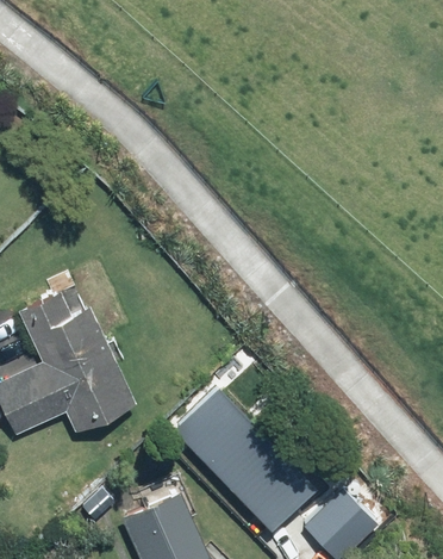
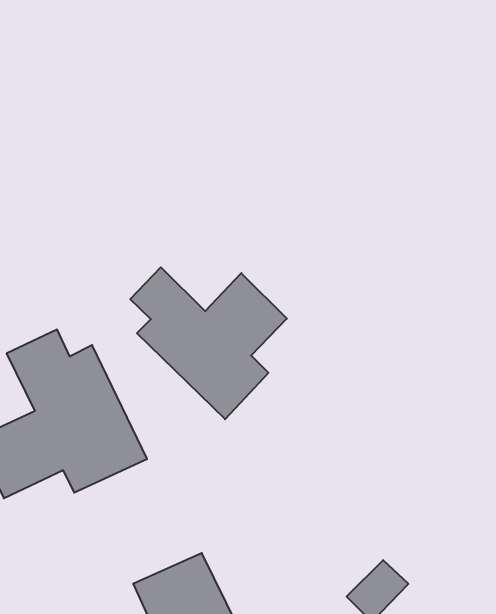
building: none -> [130,267,287,419]
building: [170,381,319,529] -> none

